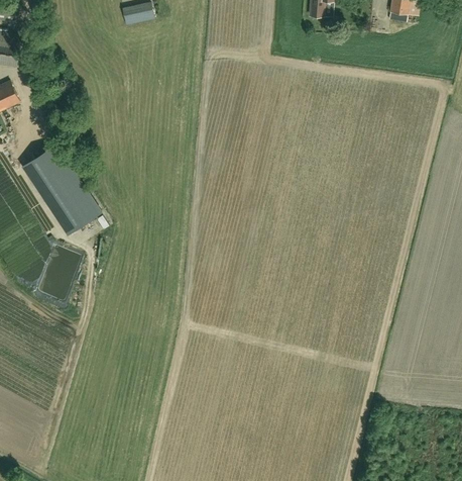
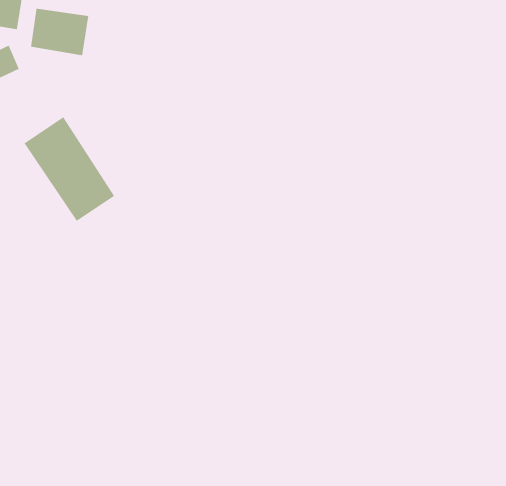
building: none -> [30,8,89,56]

